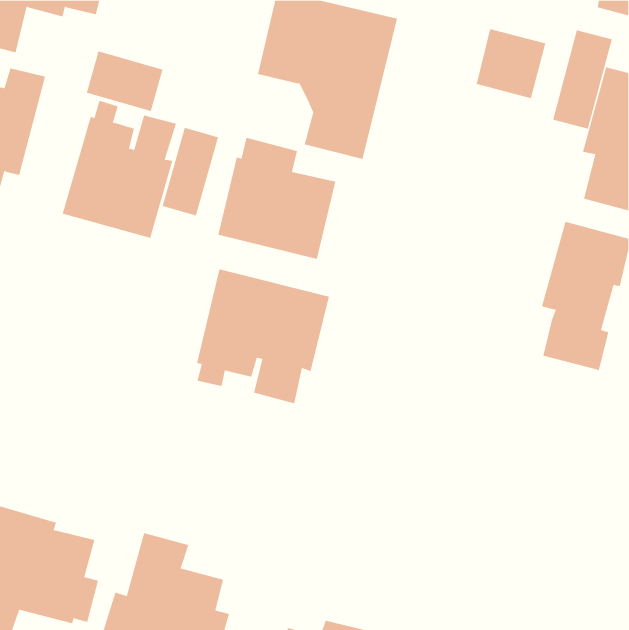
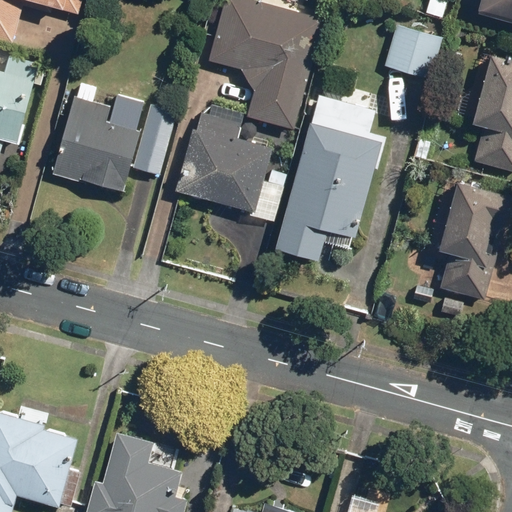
building: [552,30,612,130] -> none
building: [86,51,163,112] -> none
building: none -> [275,95,386,260]
building: [196,268,329,404] -> none

